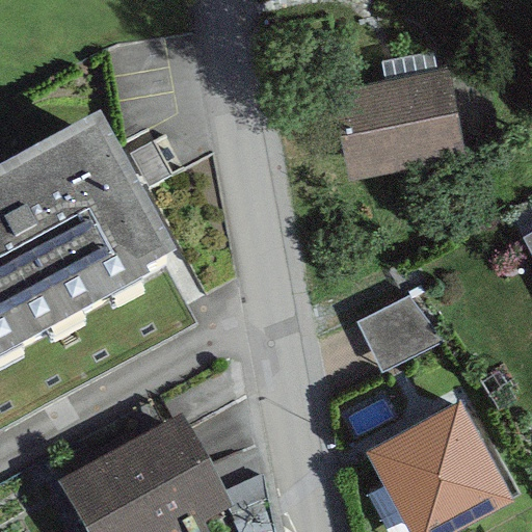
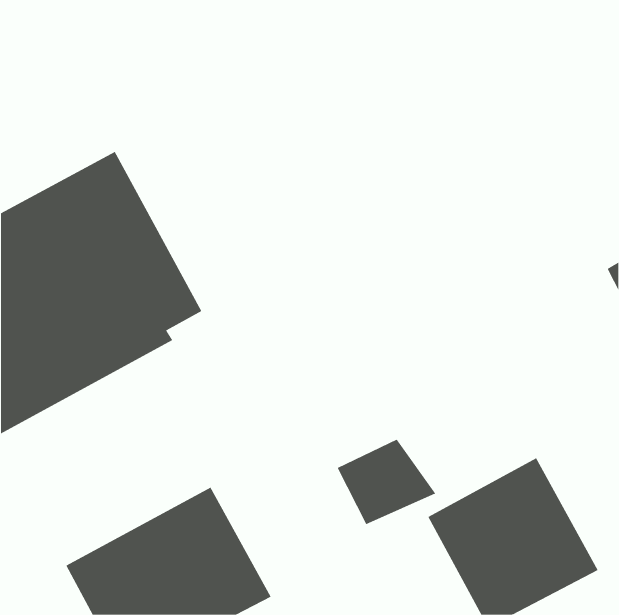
building: [330,62,464,172] -> none
building: [355,292,441,366] -> [337,439,436,525]

